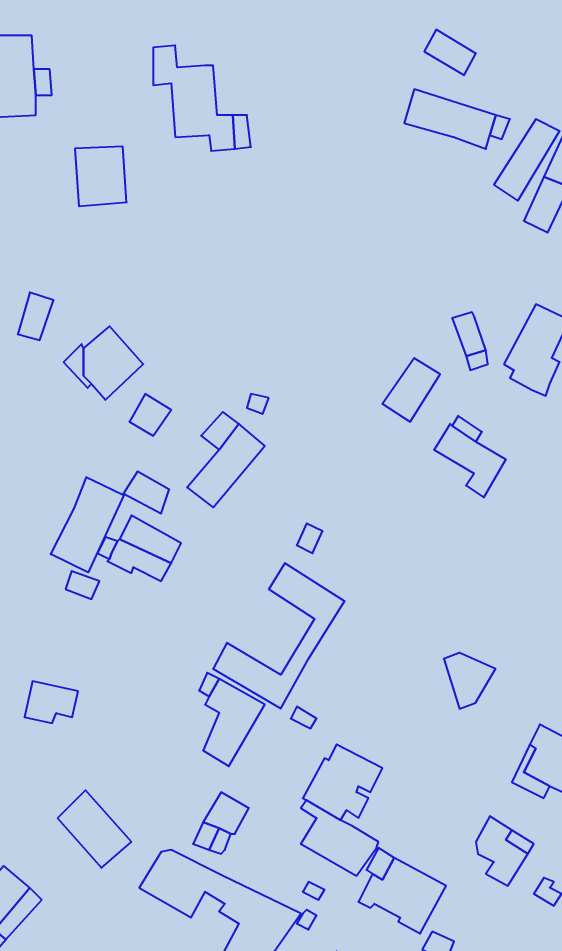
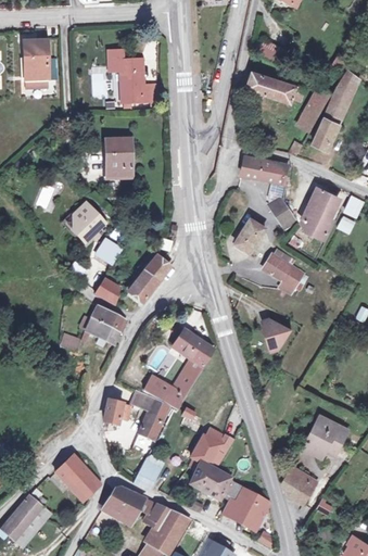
building: [75,147,127,206] -> [104,140,132,173]
building: none -> [240,154,289,181]
building: [51,477,124,572] -> none
building: [444,653,496,709] -> [261,316,289,346]
building: [24,681,78,723] -> [102,399,131,421]

